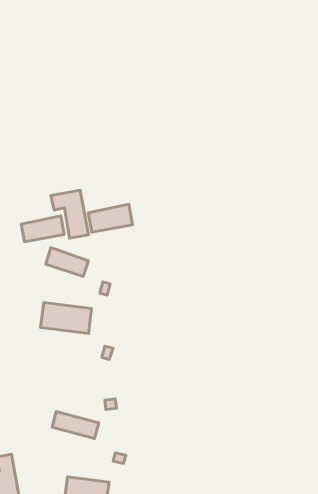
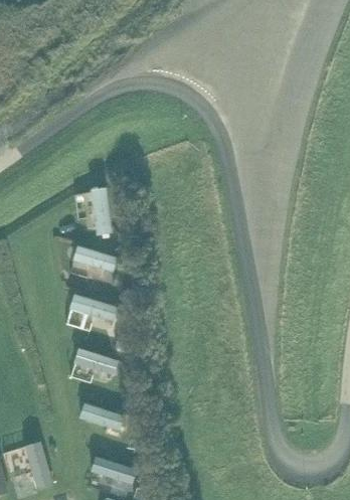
building: [88,204,132,232] -> none
building: [21,216,64,242] -> none
building: none -> [71,346,119,380]

